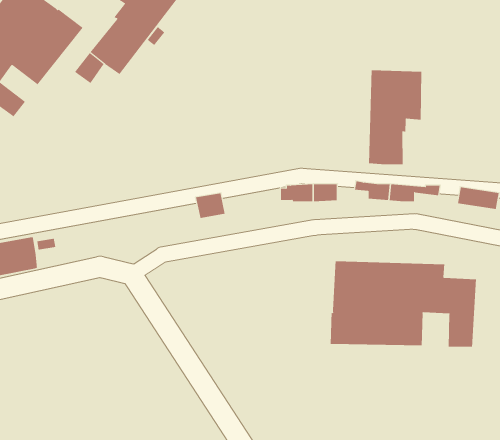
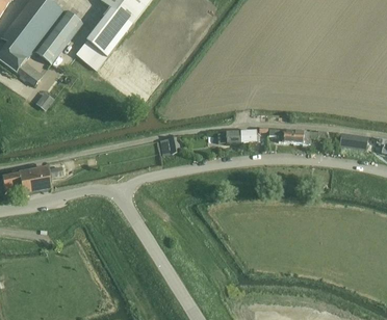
building: [368,69,422,165] -> none
building: [330,260,477,348] -> none

